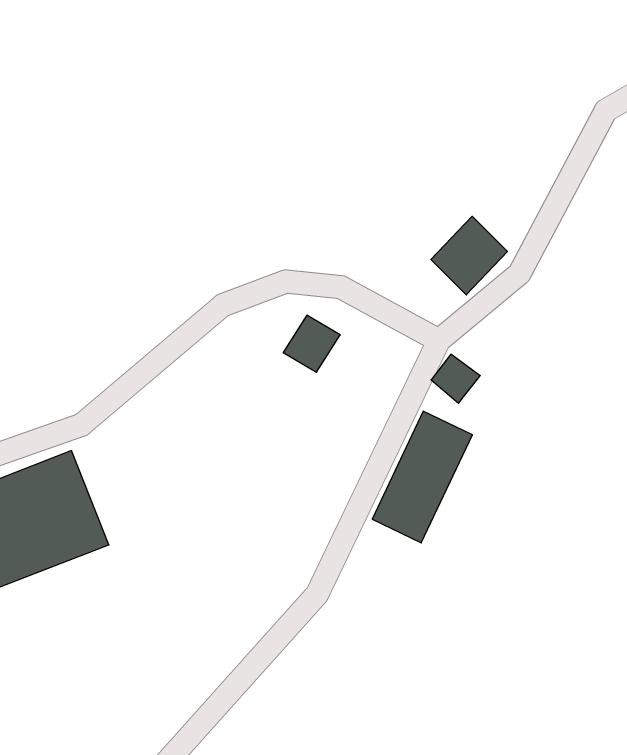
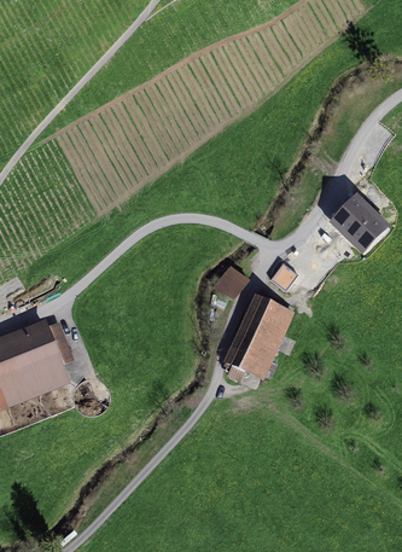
building: [431,216,507,295] -> [333,193,380,242]
building: [283,315,340,372] -> [211,265,246,300]

